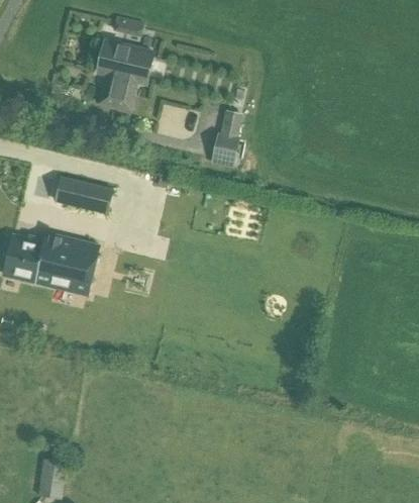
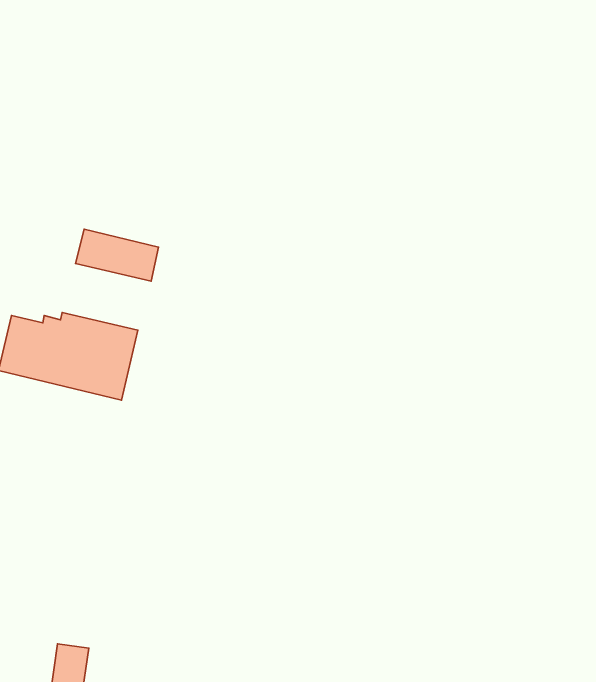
building: [96,38,152,107] -> none
building: [212,110,239,161] -> none

